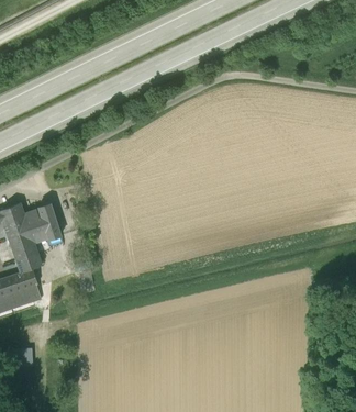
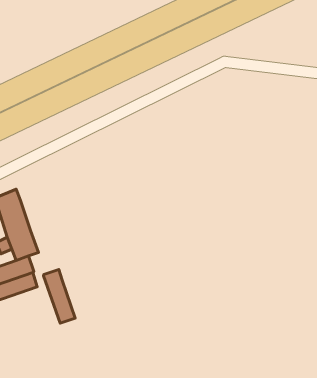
building: [24,203,60,243] -> none
building: none -> [44,269,75,323]

